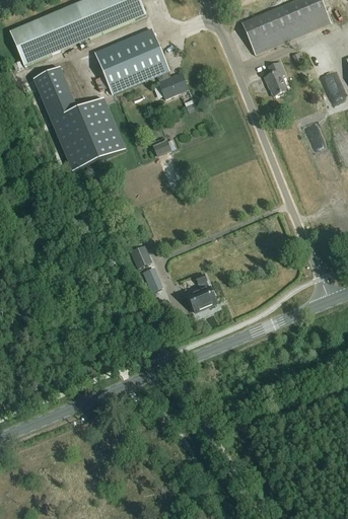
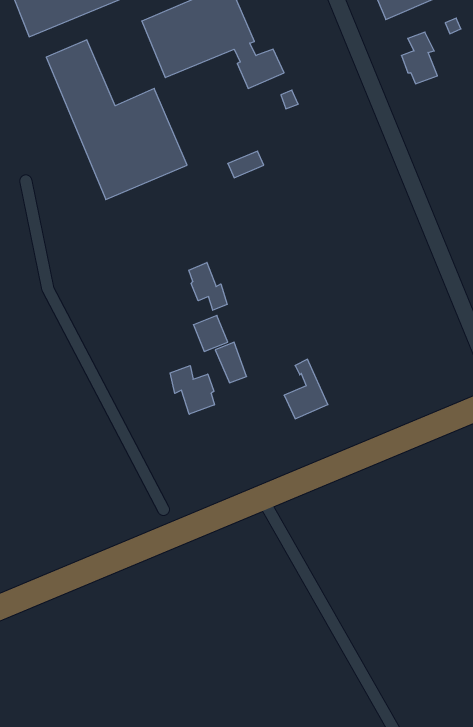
building: none -> [189,262,227,310]
building: none -> [170,366,214,414]

